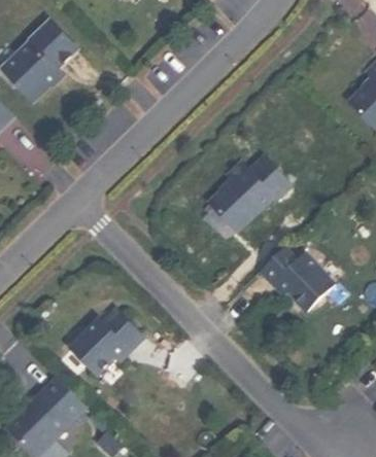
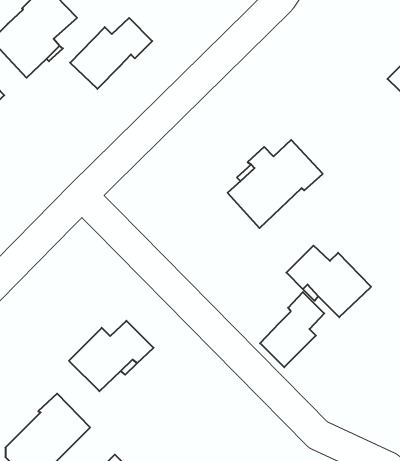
building: none -> [70,18,152,89]
building: none -> [260,292,324,367]

